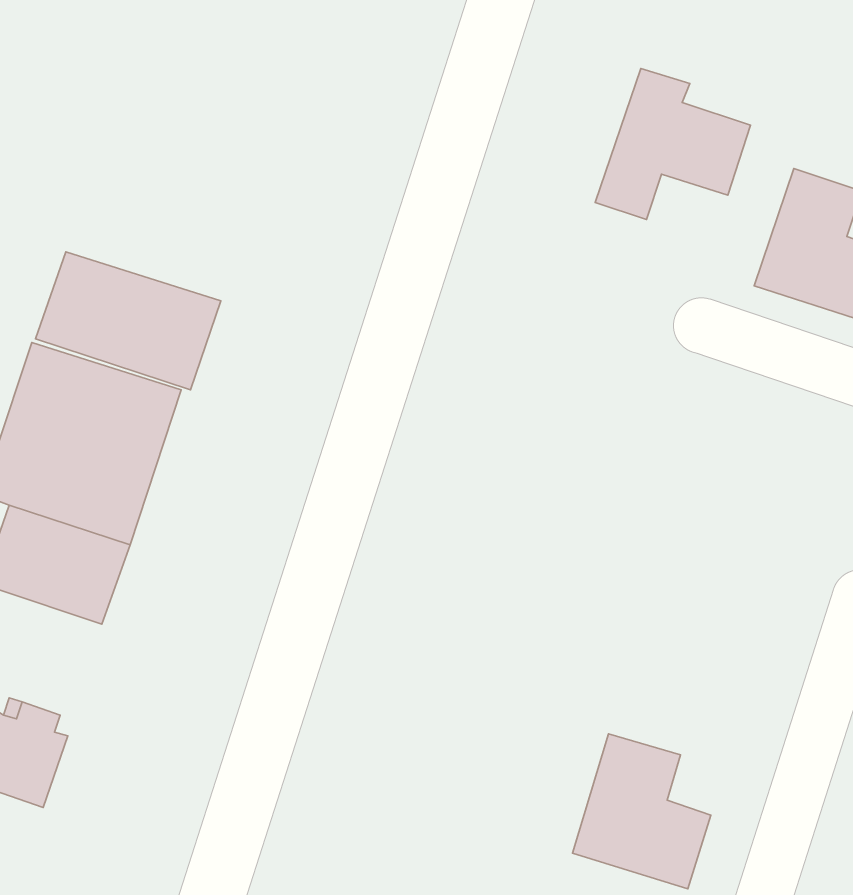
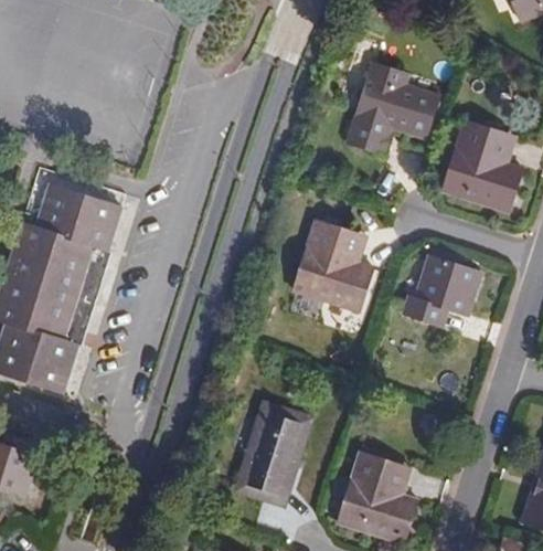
building: none -> [296,221,375,312]
building: none -> [403,255,481,325]
building: none -> [242,407,309,502]

